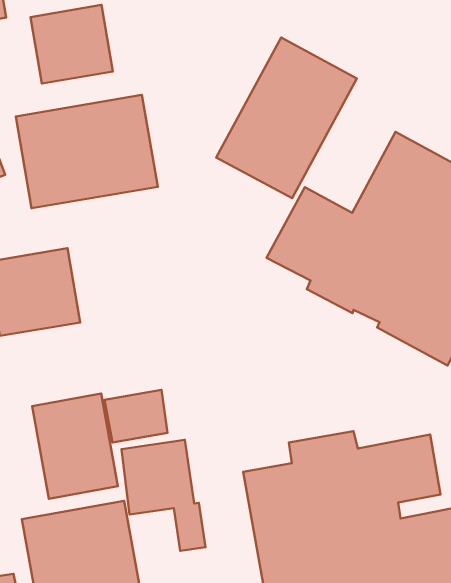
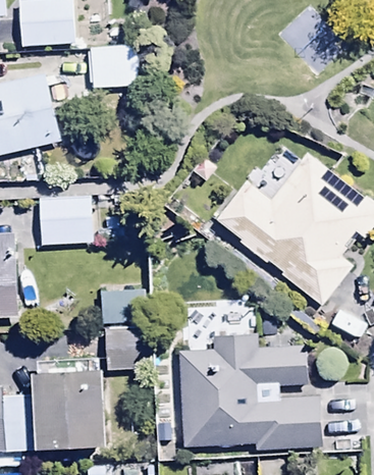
building: [216,38,357,198] -> none
building: [16,95,158,208] -> none
building: [32,394,118,499] -> none

